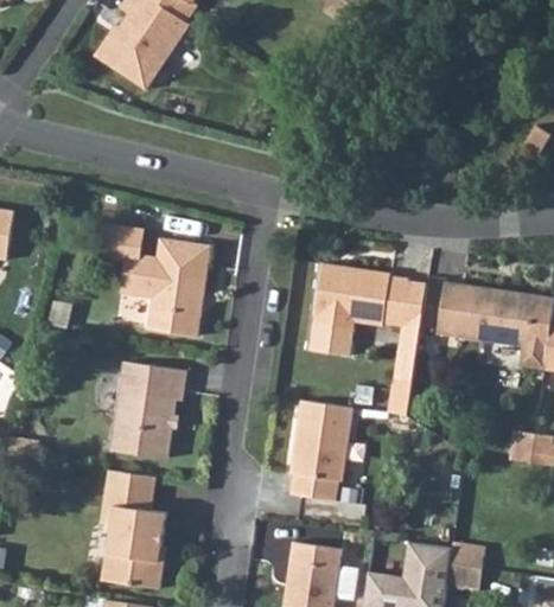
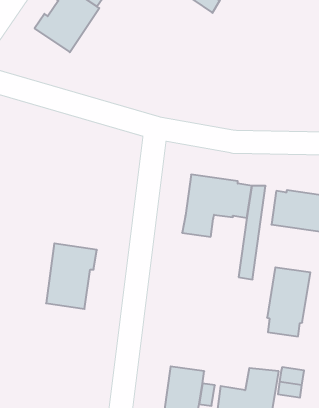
building: [100,224,210,337] -> none
building: [288,400,351,499] -> [267,267,310,336]
building: [101,469,165,588] -> none

